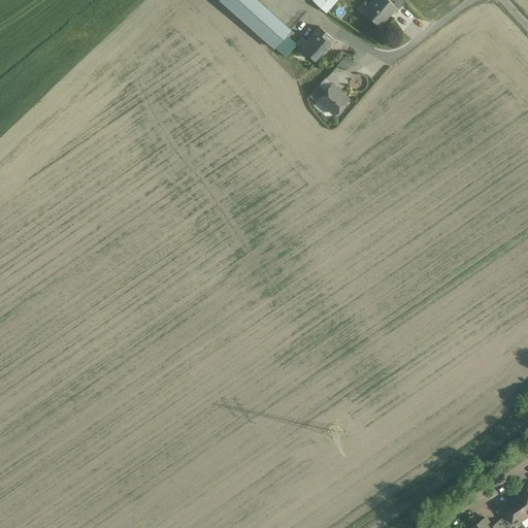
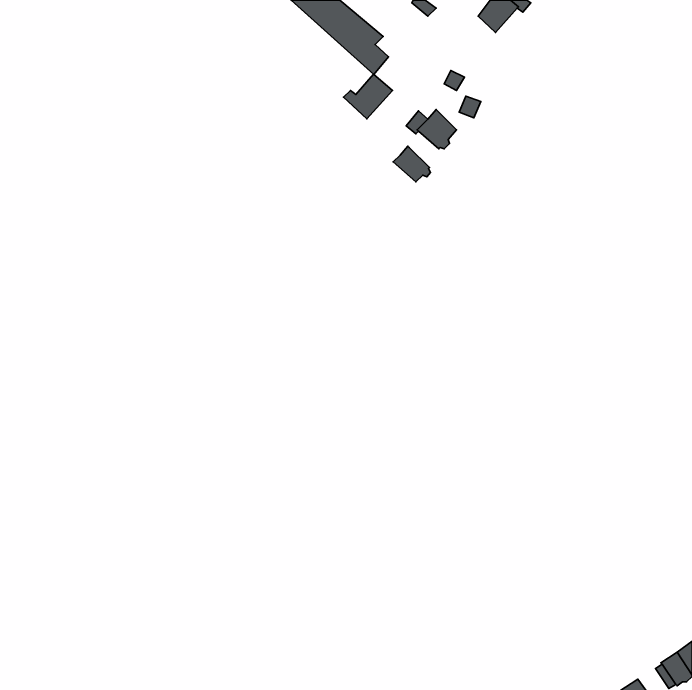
building: [296,27,333,61] -> [344,74,392,119]
building: none -> [393,146,431,182]

